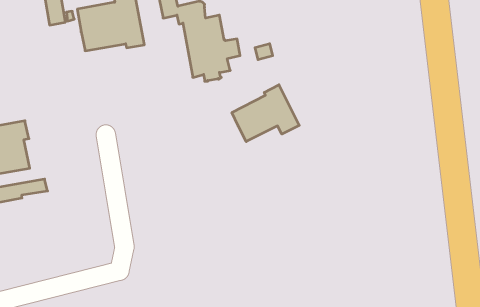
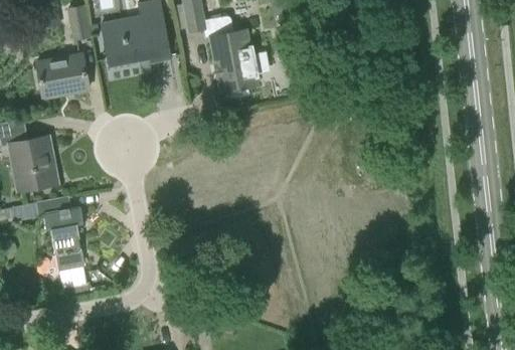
building: none -> [36,54,89,98]
building: [232,85,299,142] -> none
building: none -> [45,206,88,288]

